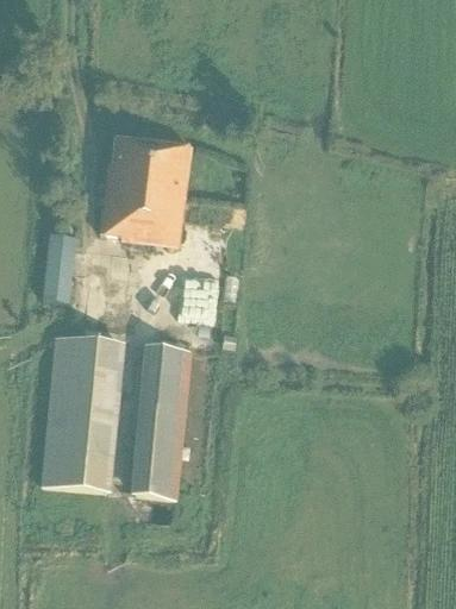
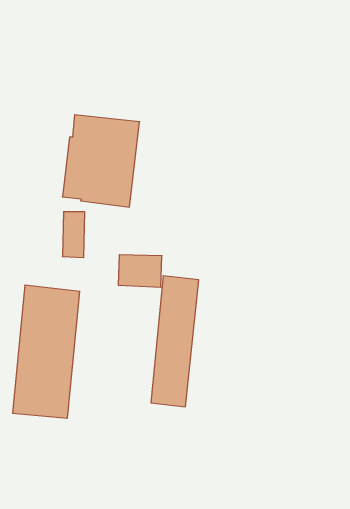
building: [44,239,70,293] -> [62,212,85,258]
building: [135,344,190,497] -> [151,276,199,407]

